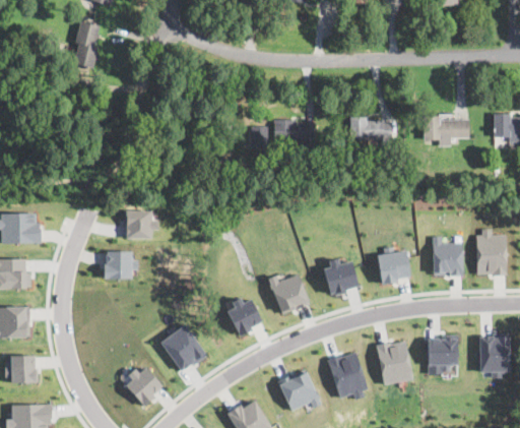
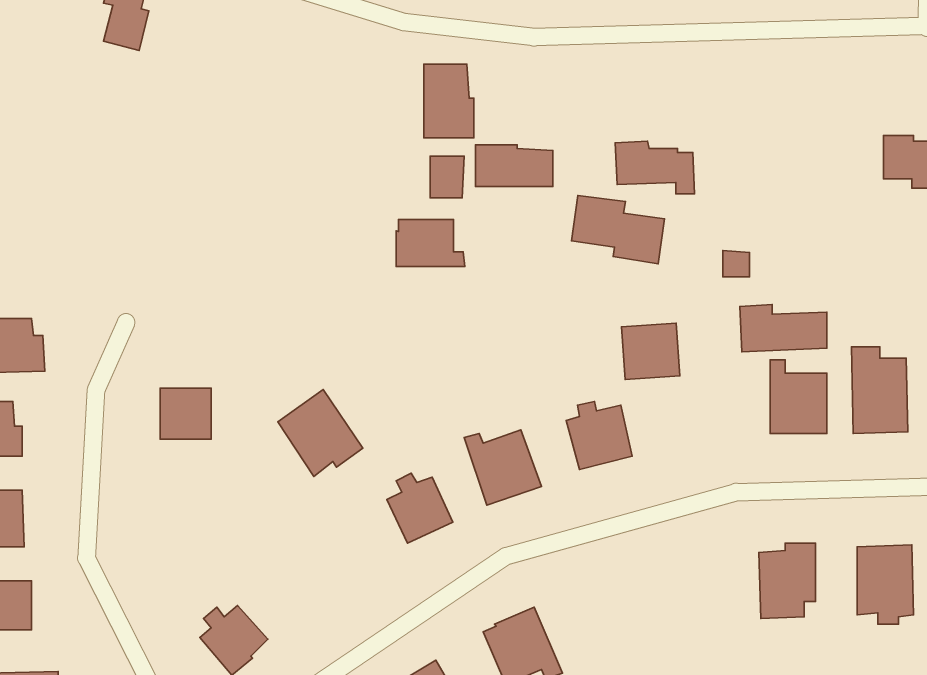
building: none -> [424,64,474,138]
building: [422,116,469,141] -> [740,305,827,352]
building: none -> [572,196,665,264]
building: none -> [396,220,465,267]
building: [126,211,158,239] -> none
building: [378,251,409,282] -> [621,323,680,380]
building: [160,324,206,371] -> [278,390,363,476]
building: [376,340,413,385] -> none
building: [328,352,369,398] -> none

